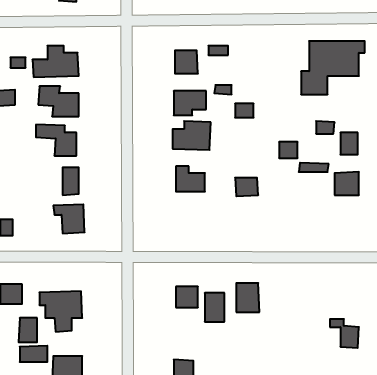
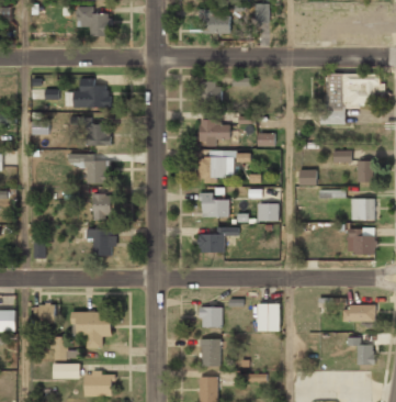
building: none -> [197,226,236,253]
building: none -> [347,227,374,254]
building: none -> [342,304,374,322]
building: [205,293,224,322] -> [201,338,219,366]

